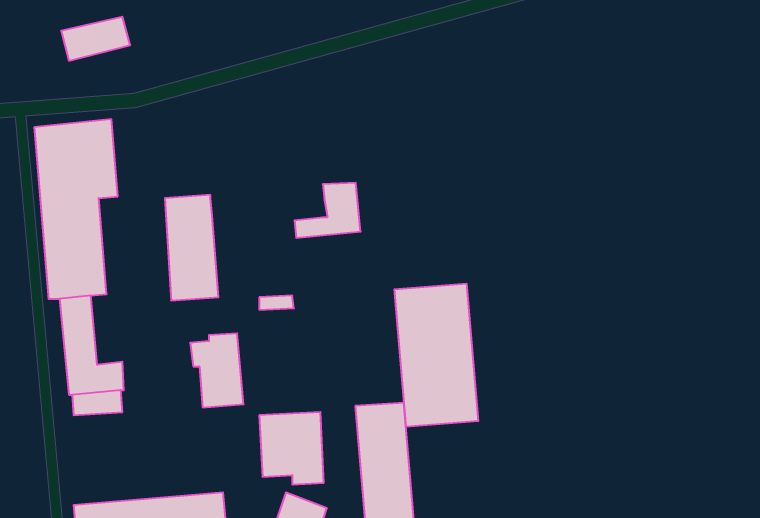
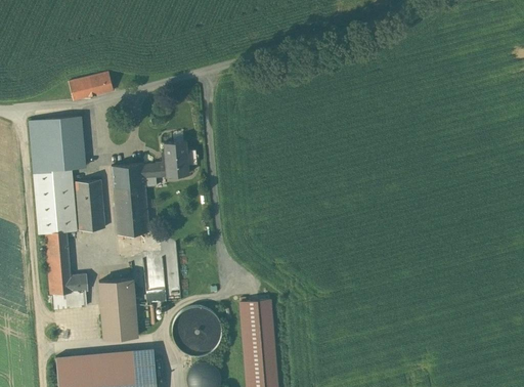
building: [61,17,130,61] -> [68,73,113,101]
building: [294,183,361,238] -> [144,142,187,178]
building: none -> [78,179,106,228]
building: [394,284,478,427] -> none
building: none -> [100,278,136,340]

